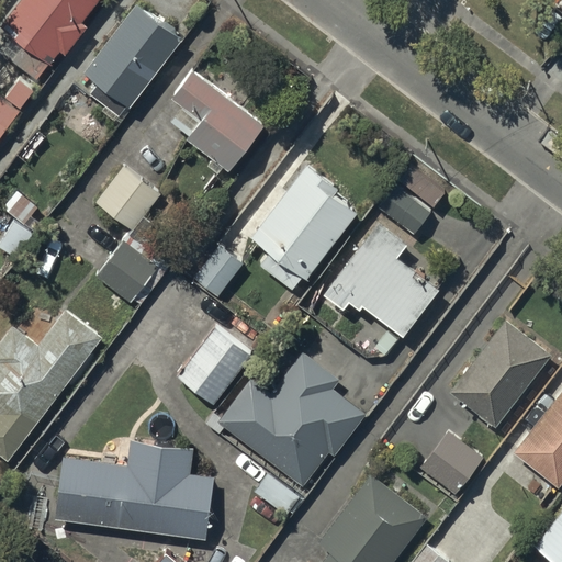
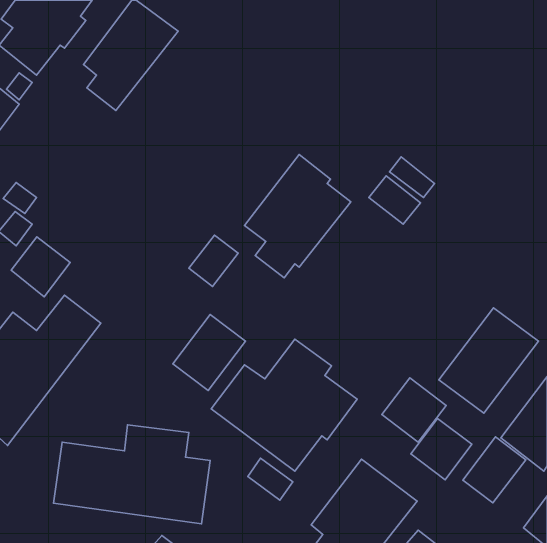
building: [170,70,265,171] -> none
building: [95,167,160,231] -> none
building: [324,222,439,337] -> none
building: [97,241,157,303] -> [11,237,70,297]
building: none -> [382,378,446,442]
building: none -> [463,437,526,503]

